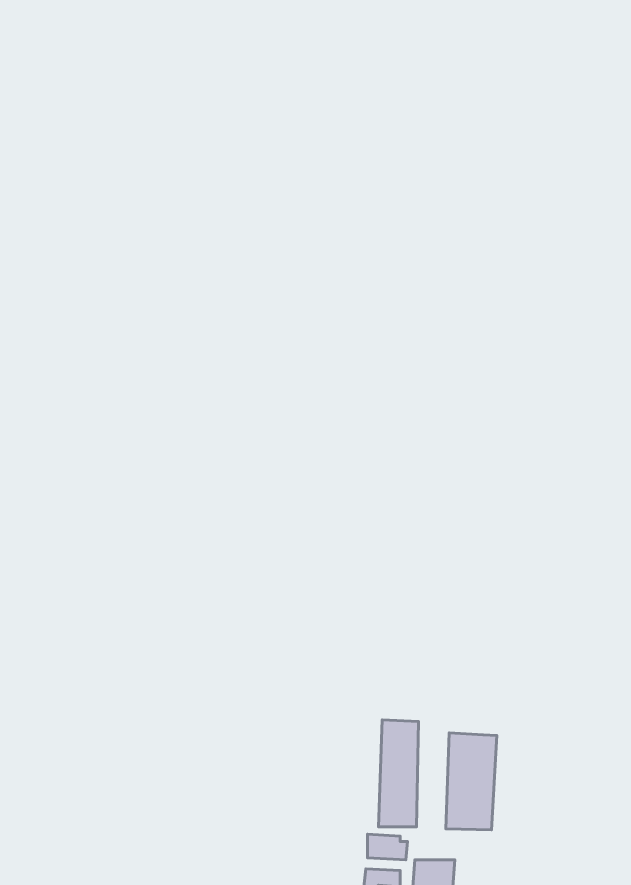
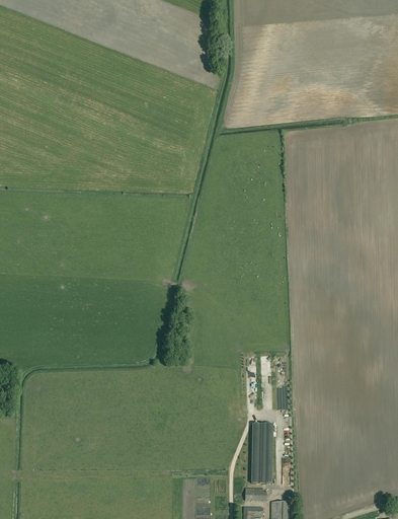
building: [446,733,497,830] -> none

